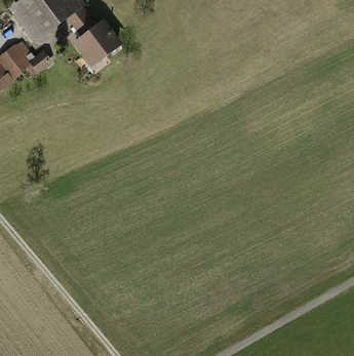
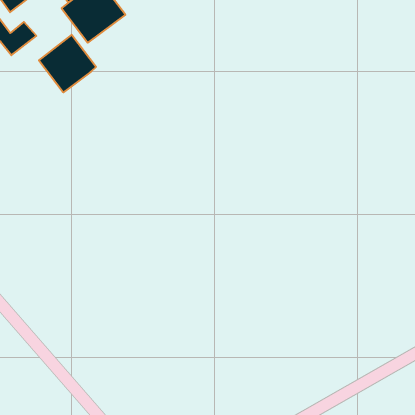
building: none -> [39,35,96,92]

